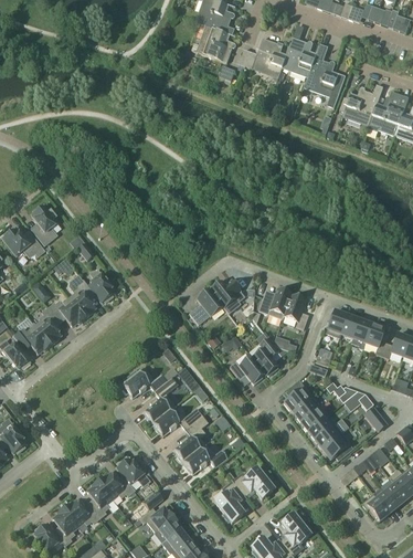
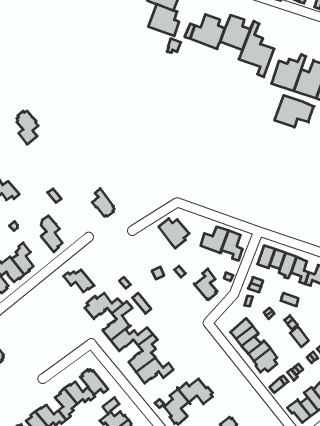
building: none -> [275,95,314,127]
building: [32,204,57,244] -> [17,111,38,144]
building: [87,269,114,302] -> [92,188,114,216]
building: [189,288,223,325] -> none
building: [49,299,85,326] -> [63,270,94,292]
building: [230,356,266,383] -> none
building: [283,380,313,413] -> none

